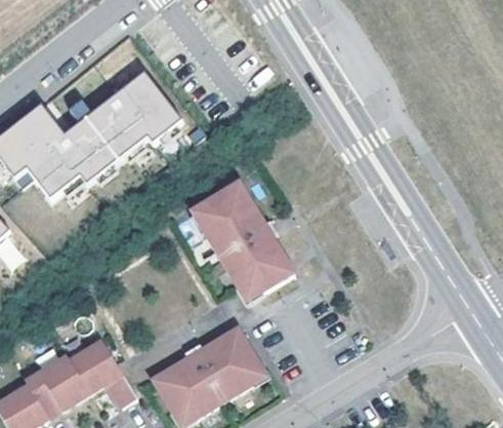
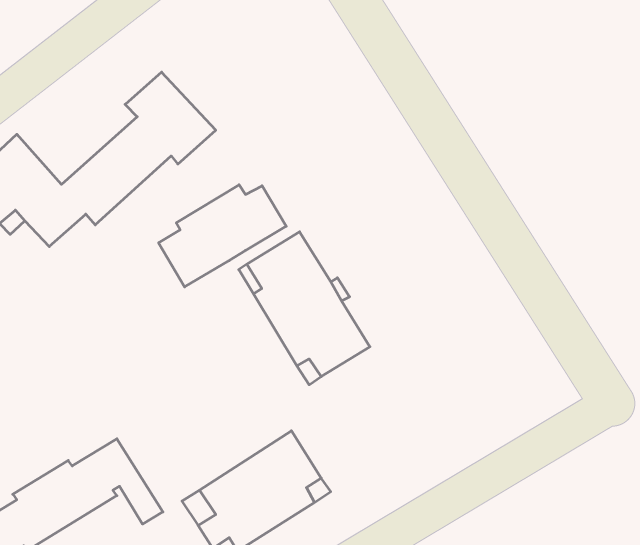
building: none -> [159,185,286,287]

